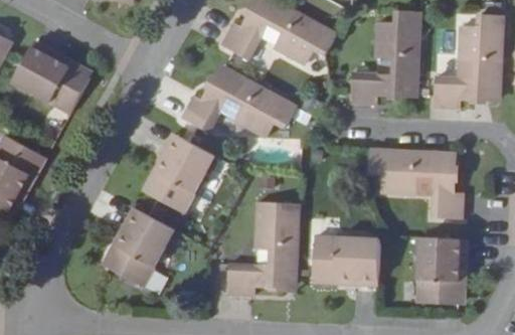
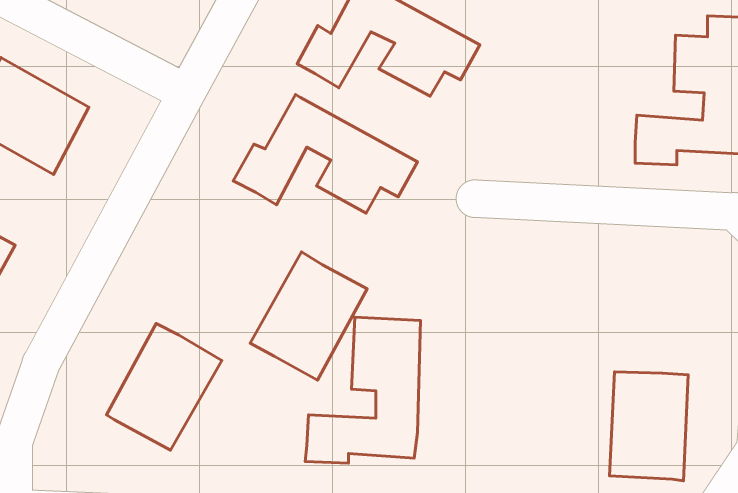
building: [350,9,420,104] -> none
building: [141,133,214,213] -> [250,252,367,380]
building: [368,150,463,218] -> none
building: [312,236,380,287] -> none

